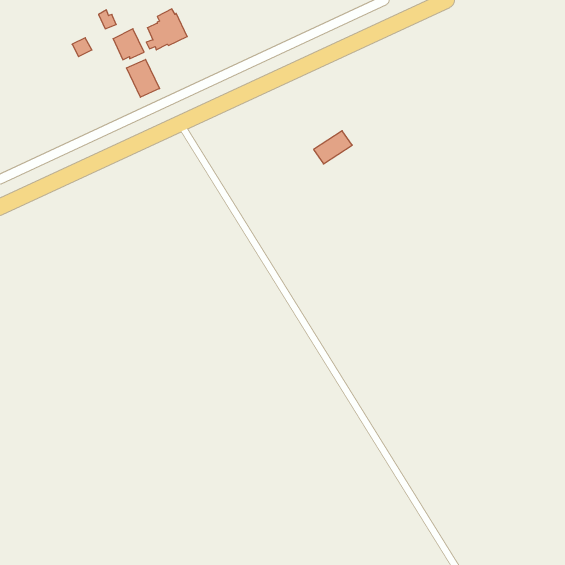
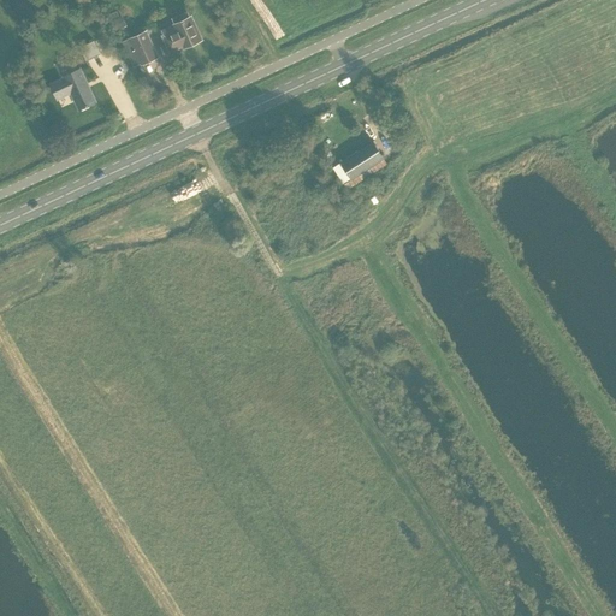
building: [127,59,160,97] -> none
building: none -> [49,69,95,109]

